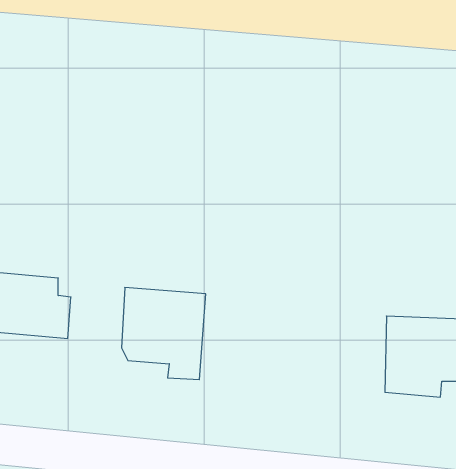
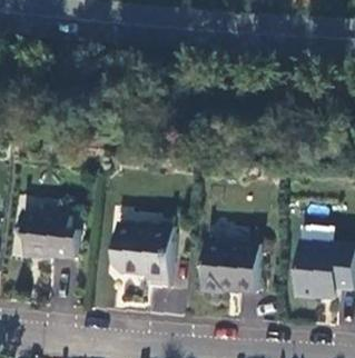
building: none -> [200,239,258,291]

